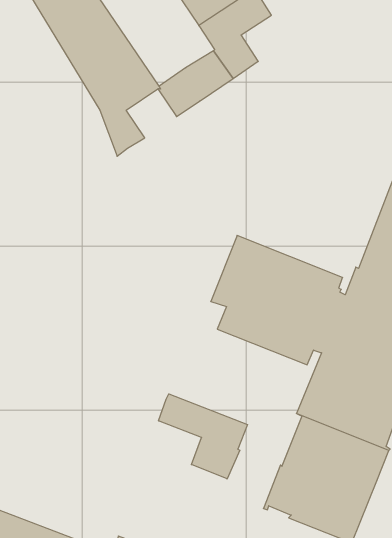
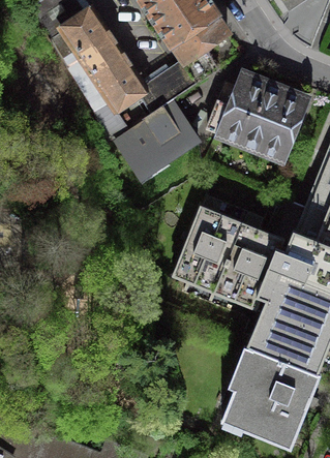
building: none -> [208,84,301,157]
building: none -> [115,101,198,179]
building: [159,394,247,479] -> none

